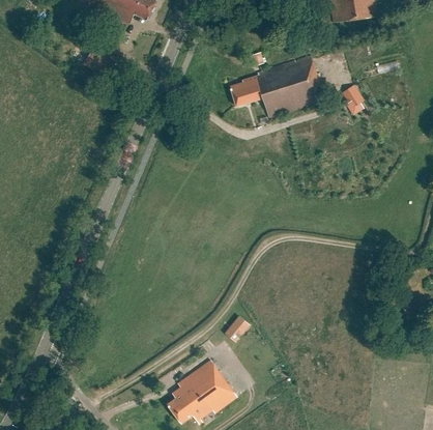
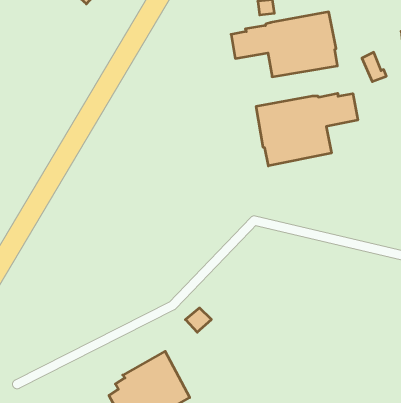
building: none -> [256,93,358,166]

